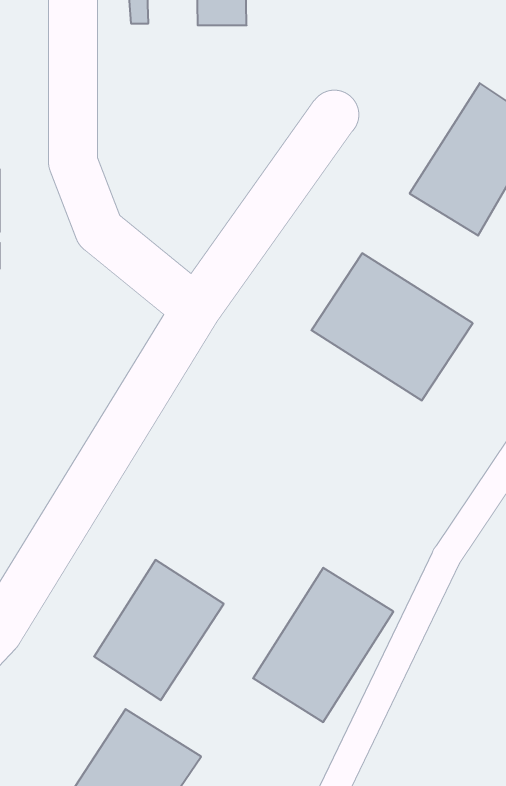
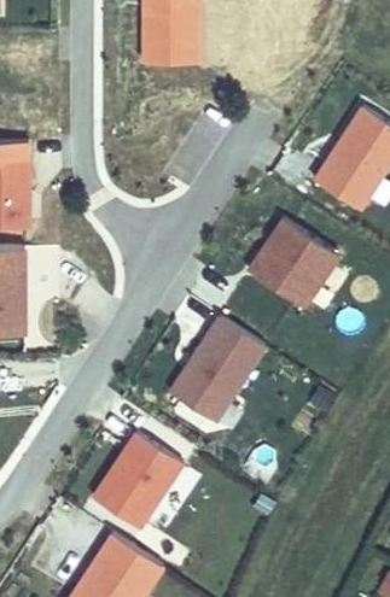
building: [253,568,393,722] -> [170,312,267,419]

